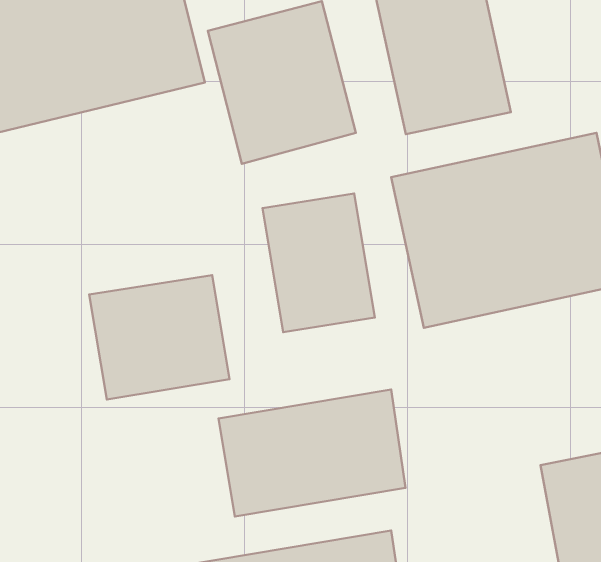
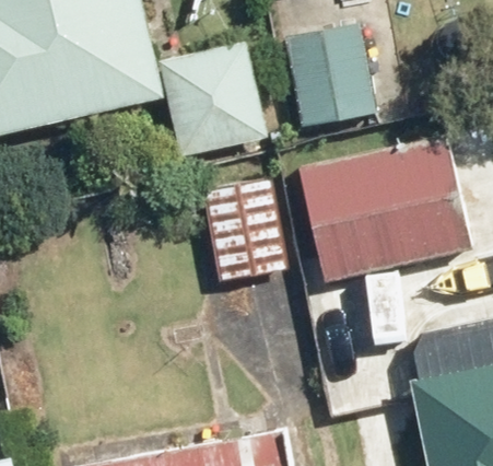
building: [89,275,230,400] -> none
building: [219,389,406,516] -> none

